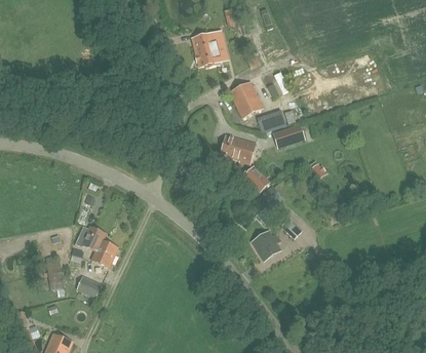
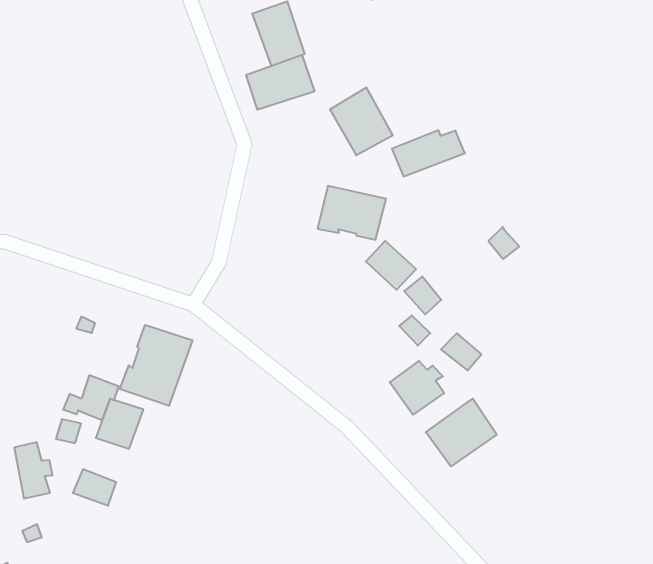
building: none -> [246,55,314,110]
building: [272,122,305,148] -> none
building: none -> [120,325,193,406]
building: none -> [426,399,497,466]

